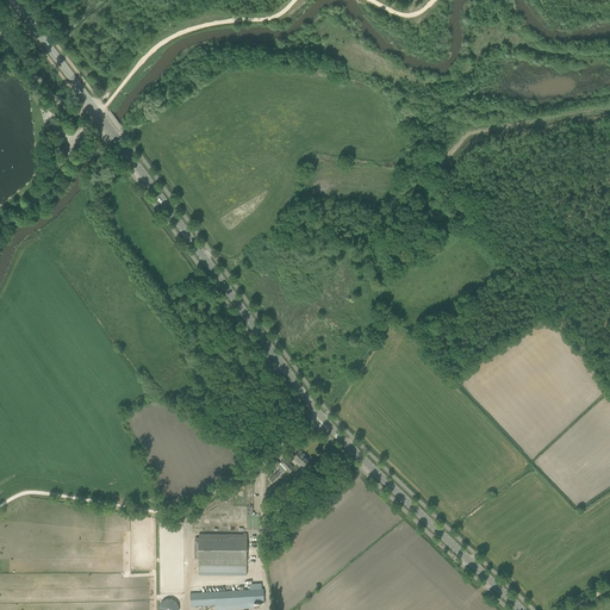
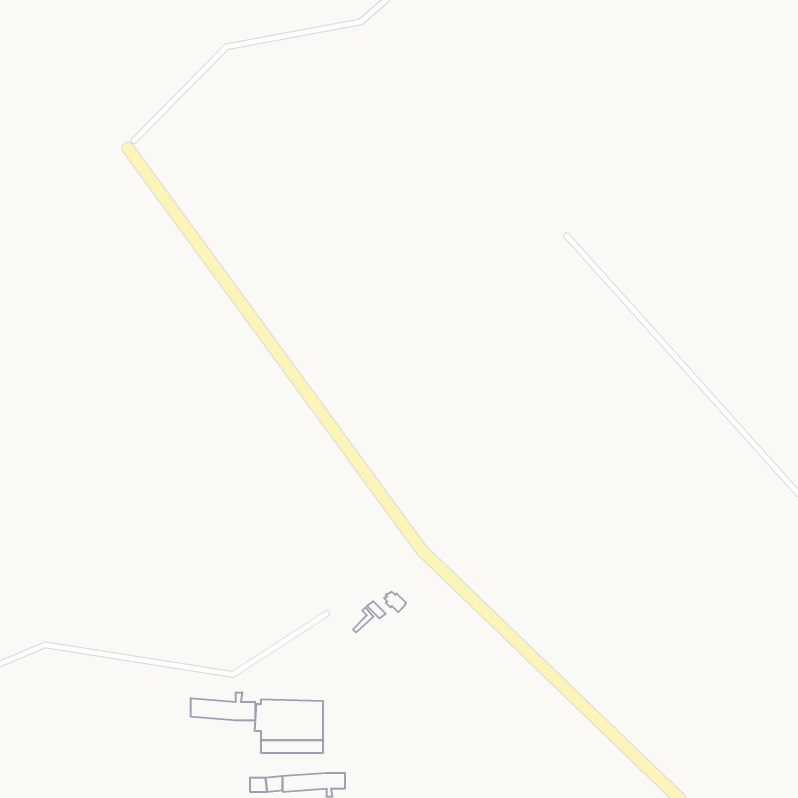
building: none -> [191,692,255,721]

